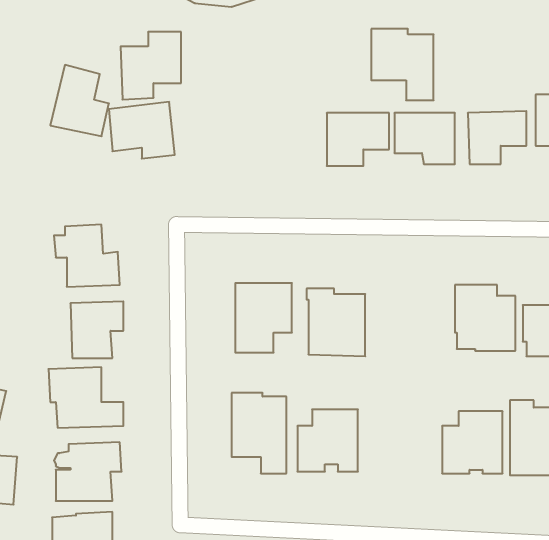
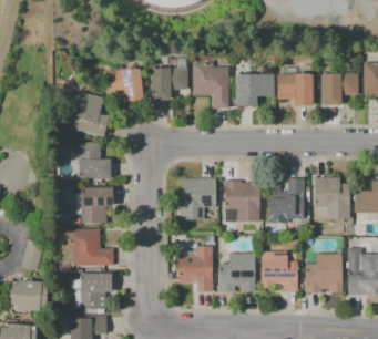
building: [371,29,434,100] -> [192,64,229,107]
building: [121,32,181,100] -> [151,59,187,100]
building: [50,65,109,136] -> [73,93,109,136]
building: none -> [267,178,304,223]
building: none -> [260,251,297,290]

